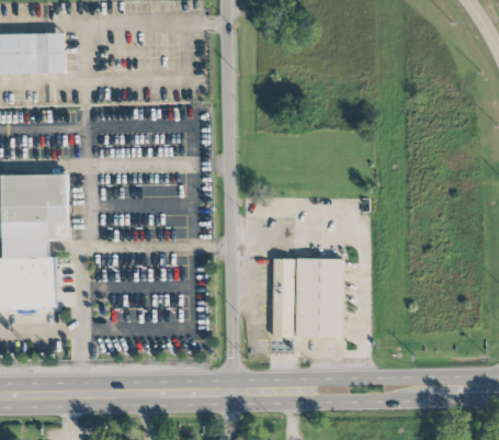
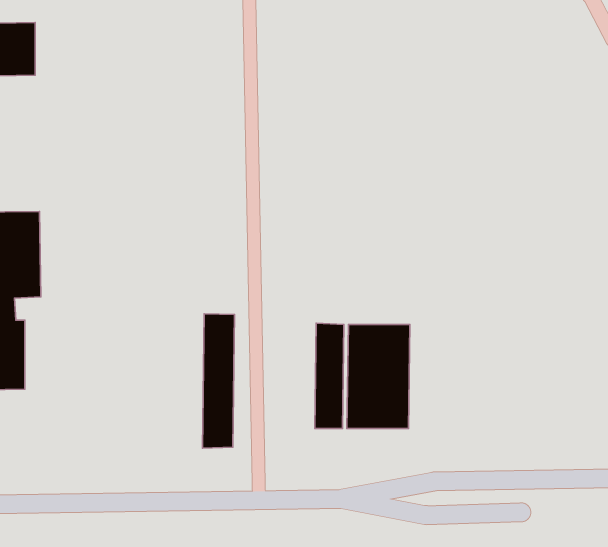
building: none -> [202,314,235,448]

